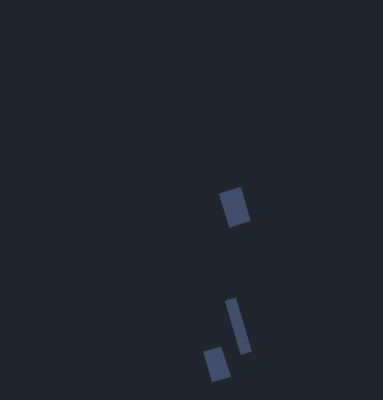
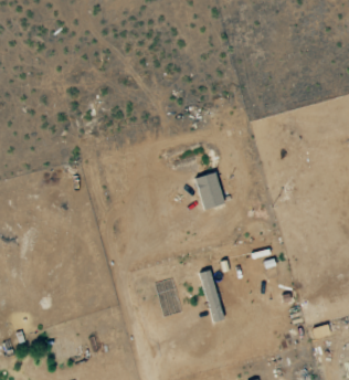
building: [203,346,232,383] -> none

